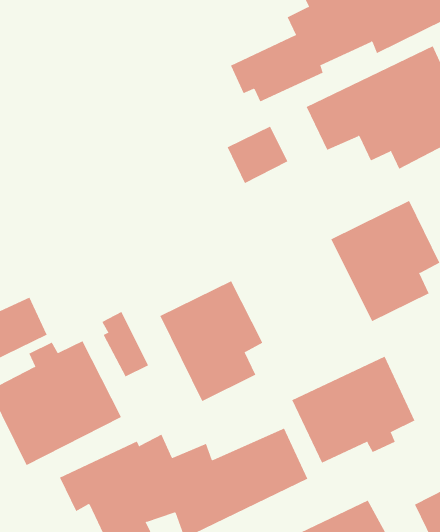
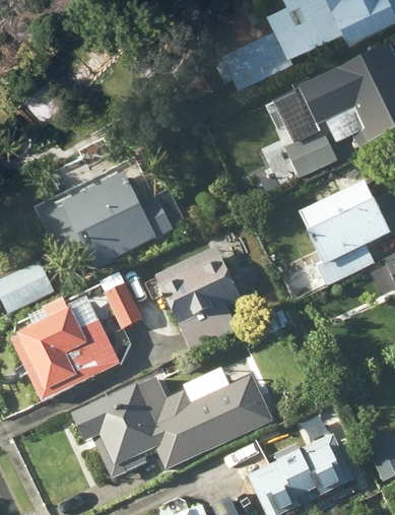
building: [227,126,288,184] -> [283,129,336,179]
building: none -> [39,155,171,268]
building: [291,356,415,463] -> none

